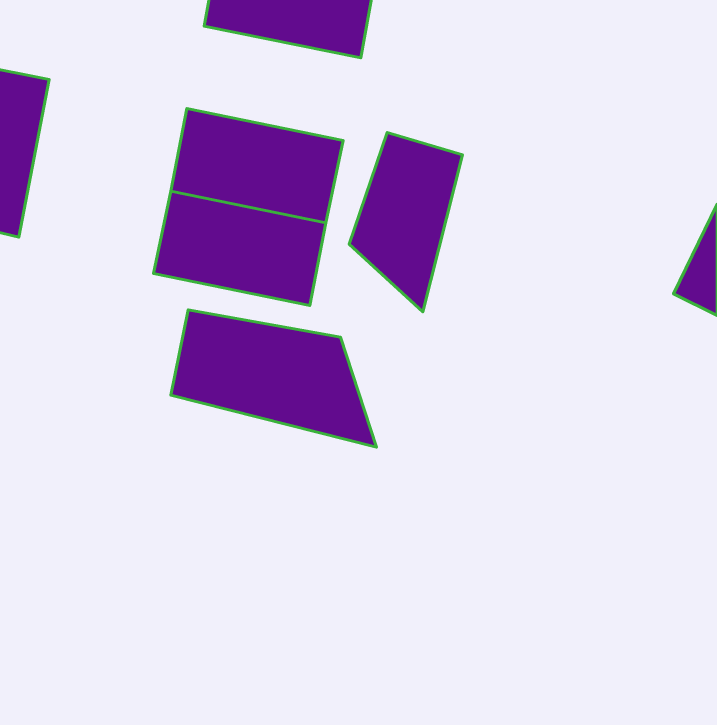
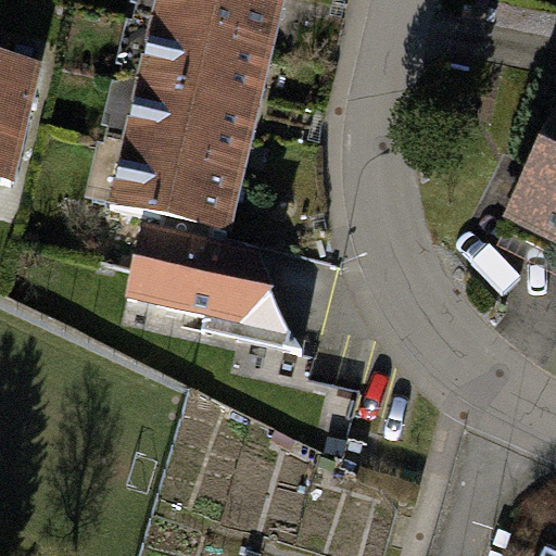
building: none -> [140,20,270,105]
building: [349,133,463,312] -> none

